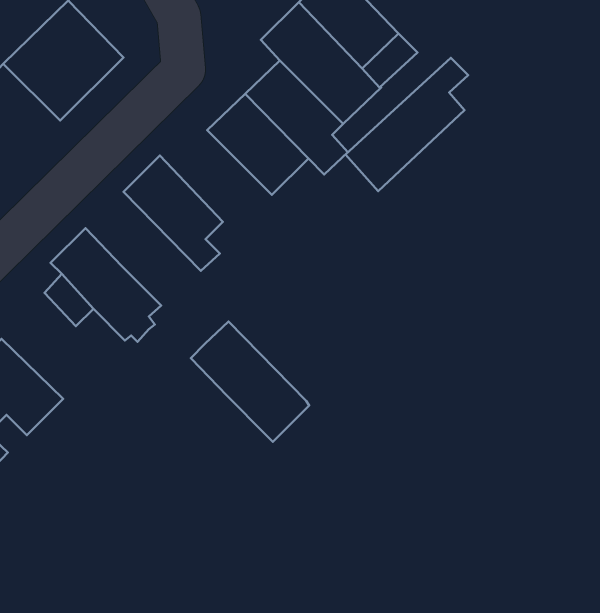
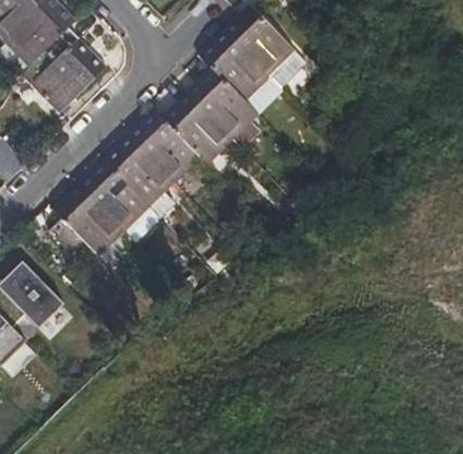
building: [345,58,468,191] -> none
building: none -> [132,109,202,180]
building: [191,322,309,442] -> [81,159,163,242]

